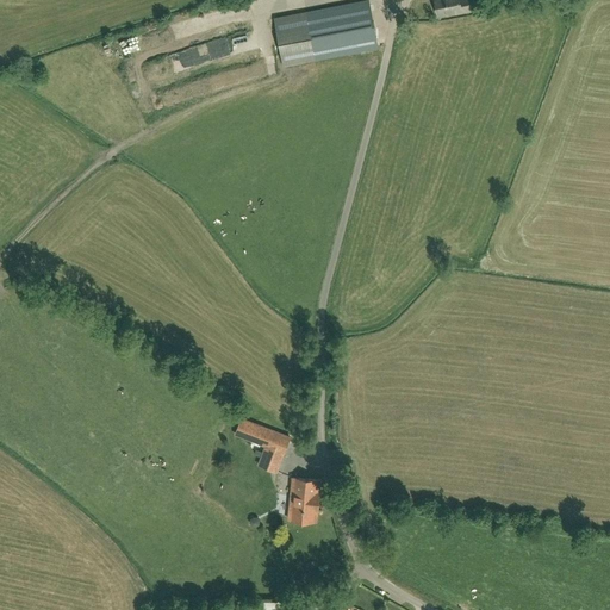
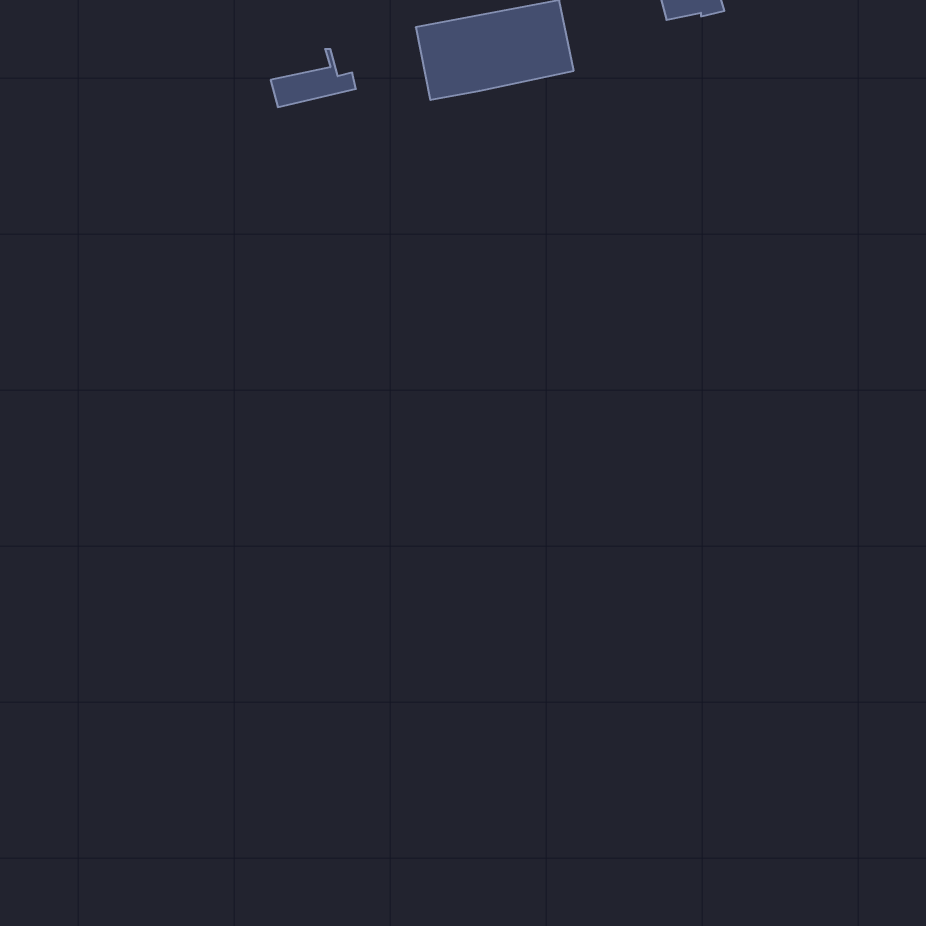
building: [234,416,288,469] -> none
building: [287,477,319,521] -> none

